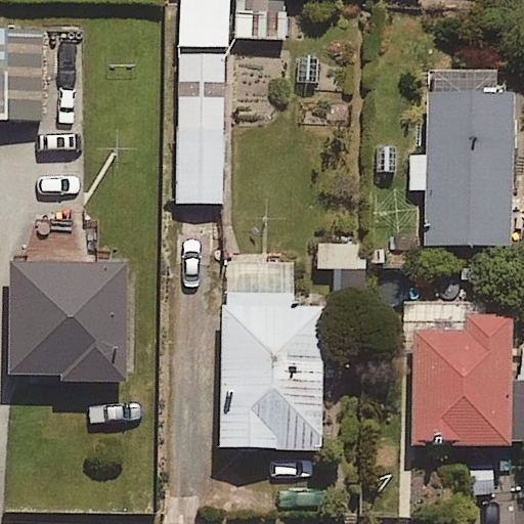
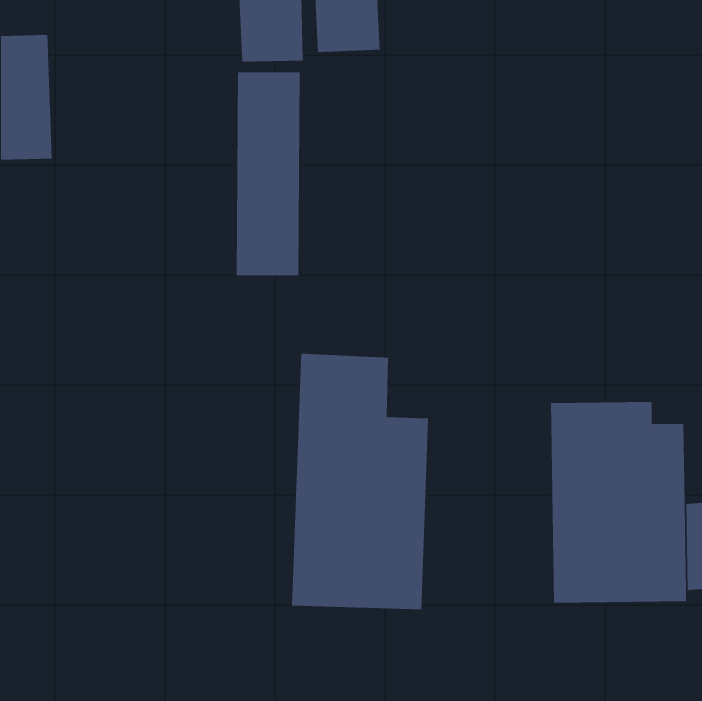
building: [412,64,514,247] -> none
building: [10,258,127,382] -> none

